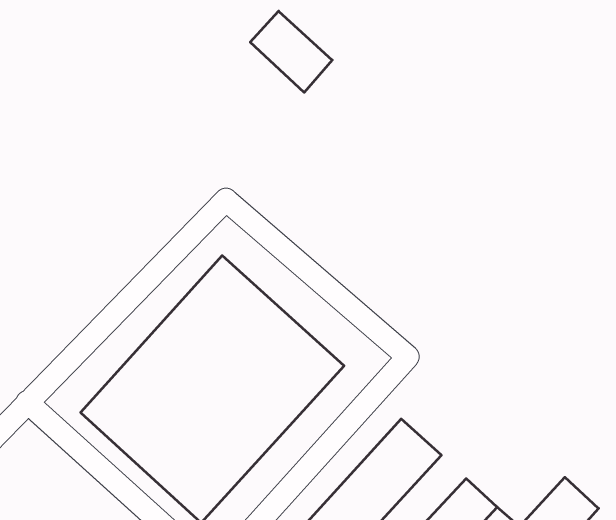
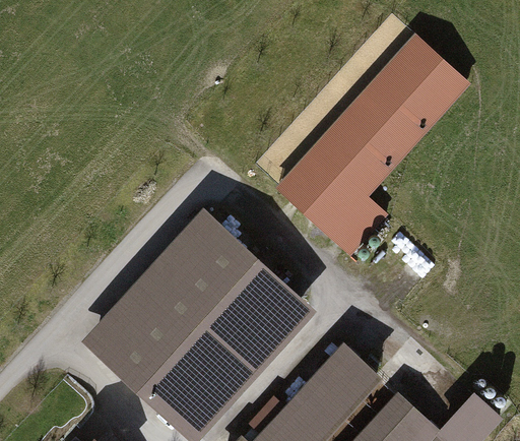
building: [250,11,332,92] -> none
building: none -> [281,39,467,251]

